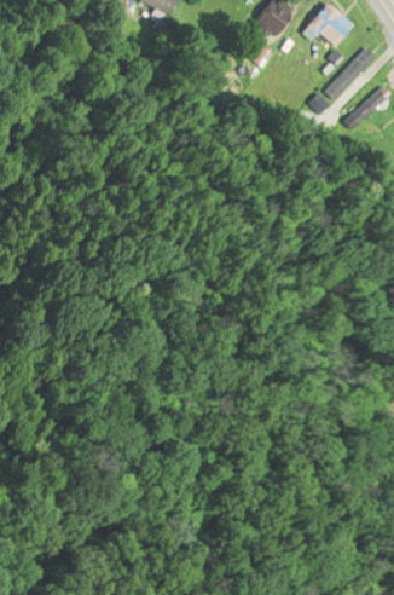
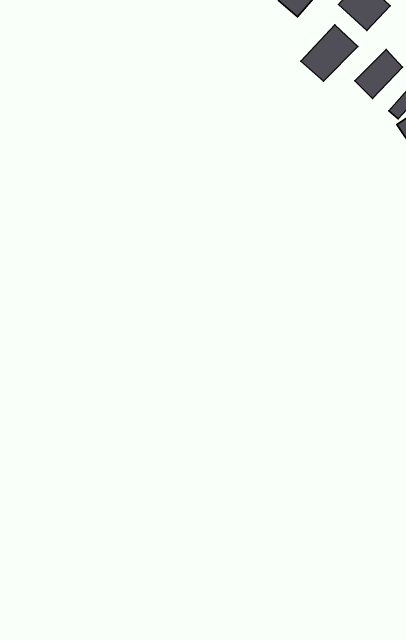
building: none -> [301,25,358,81]

